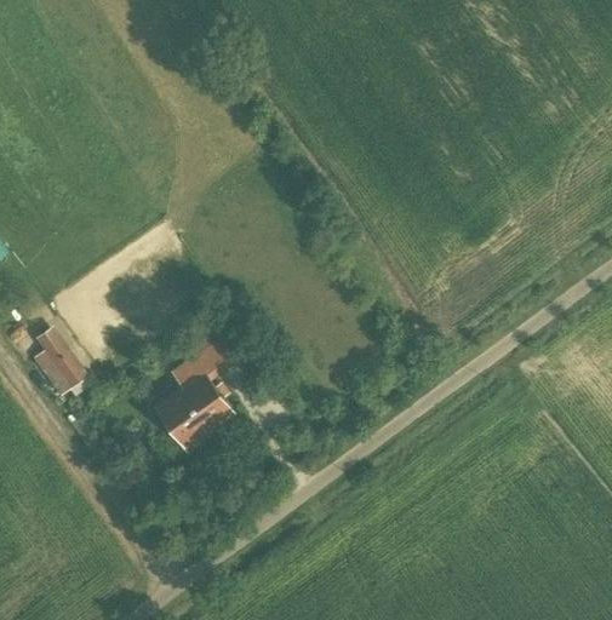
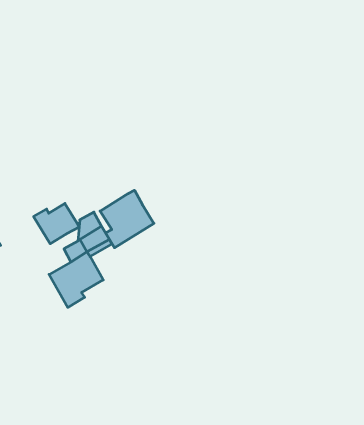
building: none -> [100,190,154,248]
building: none -> [34,203,79,244]

